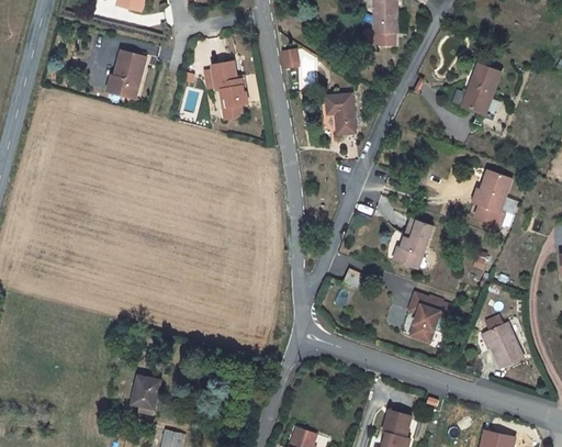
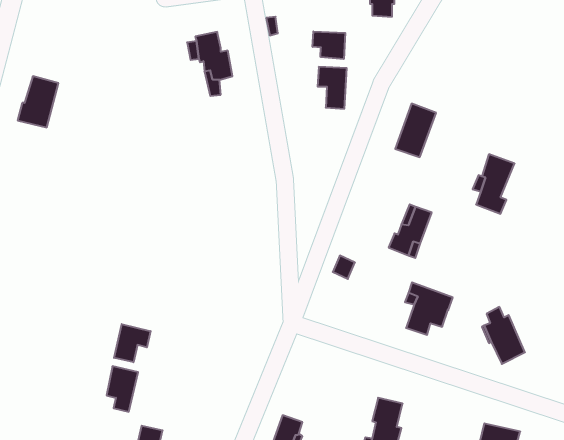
building: [109,47,147,96] -> [18,76,58,127]
building: none -> [313,31,345,59]
building: [467,66,505,116] -> [395,104,436,157]
building: none -> [114,324,151,362]

